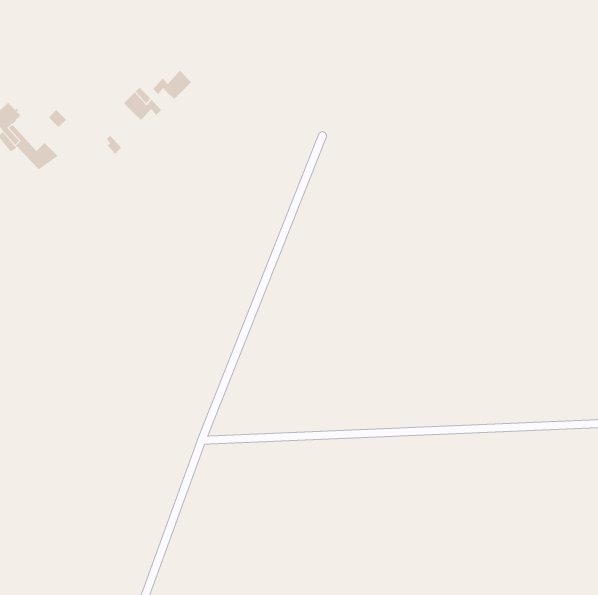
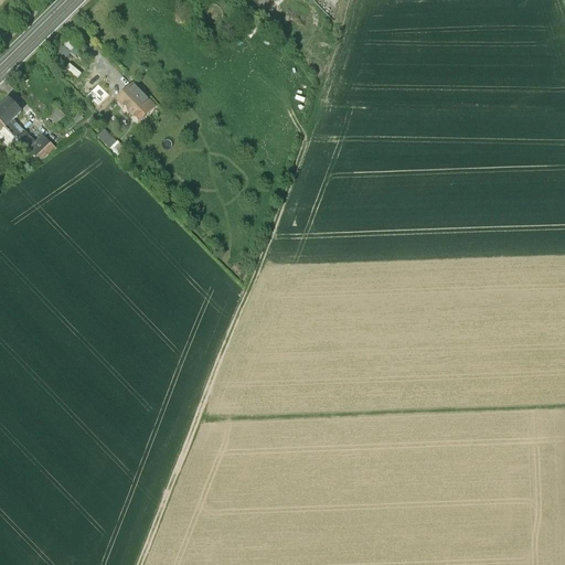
building: [152,70,192,100] -> none

